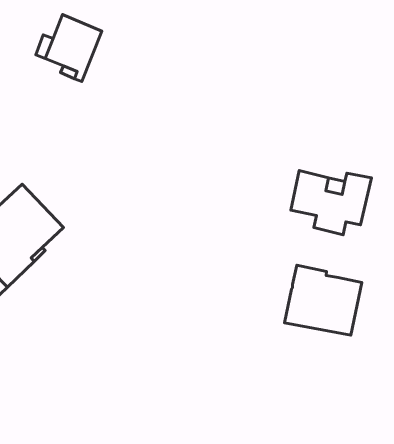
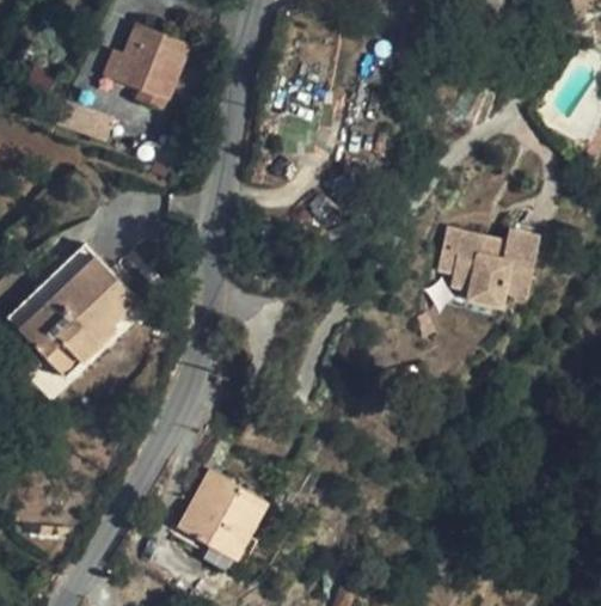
building: [284,265,362,335] -> none
building: none -> [178,470,268,561]

